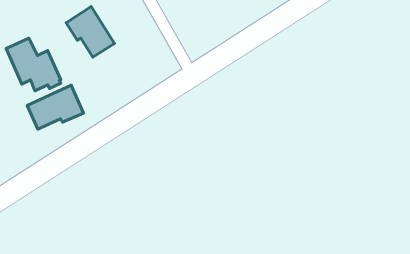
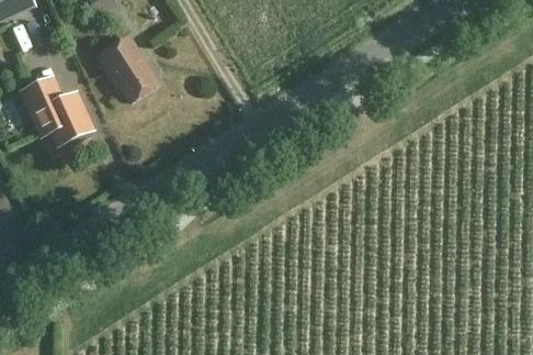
building: [27,85,83,129] -> none

